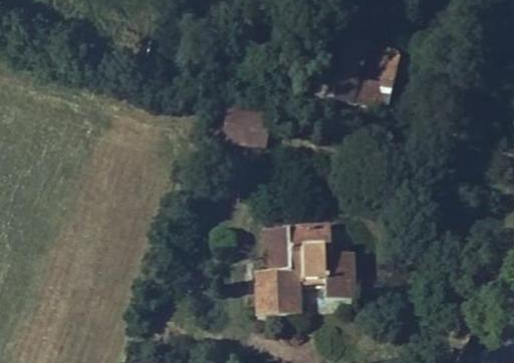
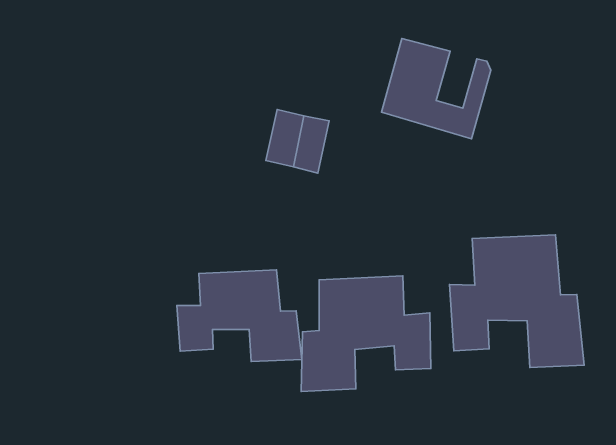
building: none -> [450,235,584,367]
building: none -> [177,270,302,362]

